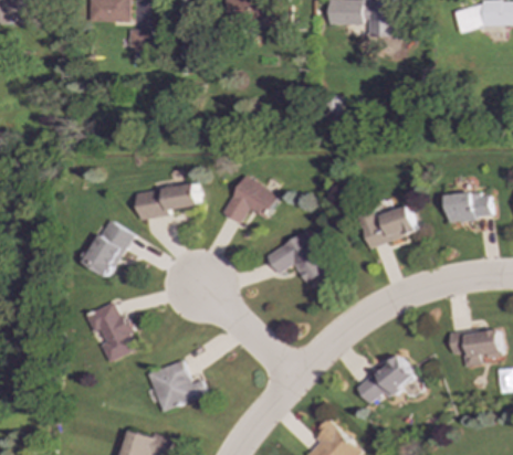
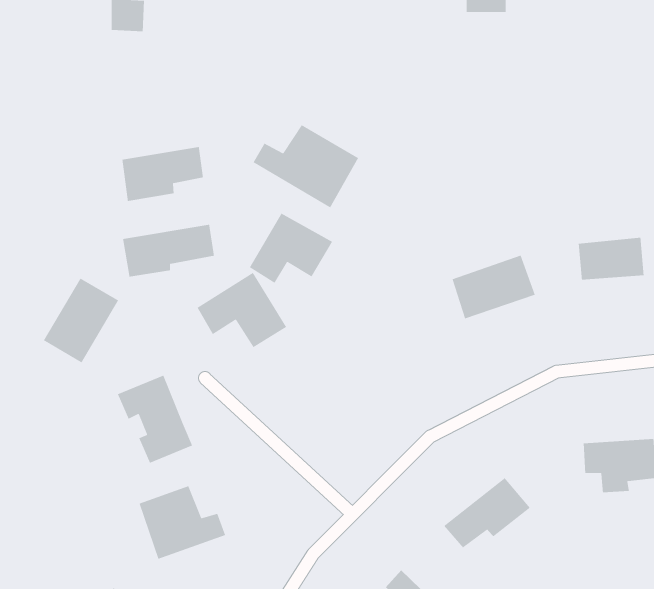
building: none -> [252,124,359,209]
building: none -> [121,146,204,202]
building: [265,232,327,284] -> [196,272,287,348]
building: [84,301,136,362] -> [117,374,193,464]

